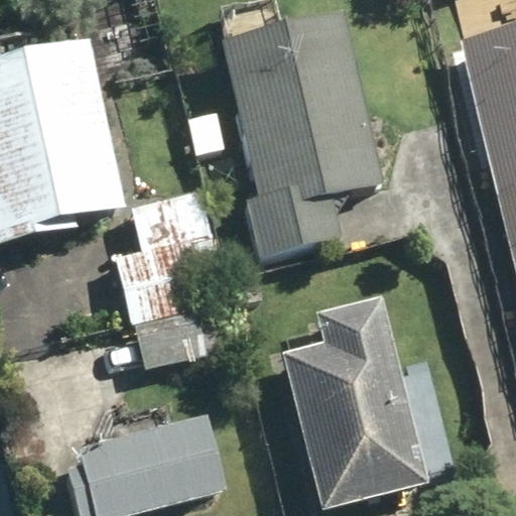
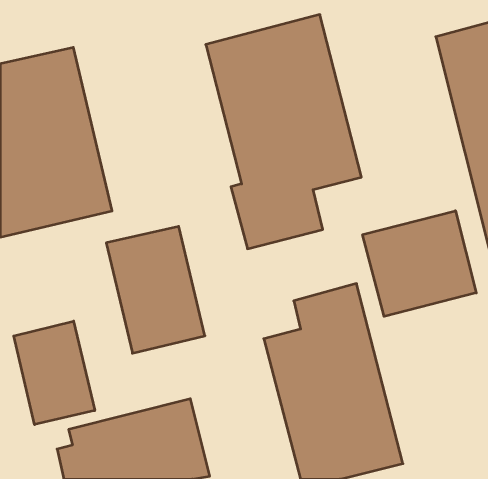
building: none -> [363,211,476,316]
building: none -> [14,321,95,425]

